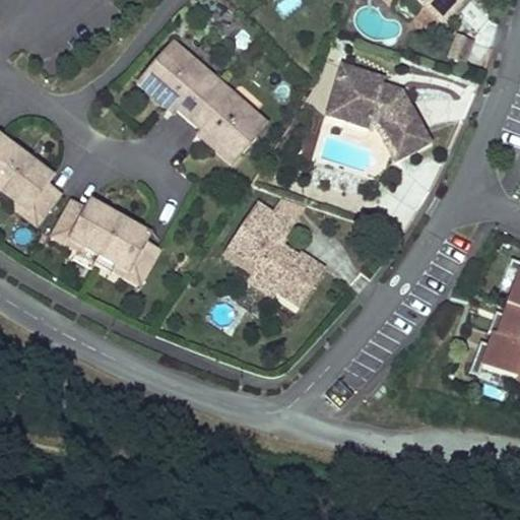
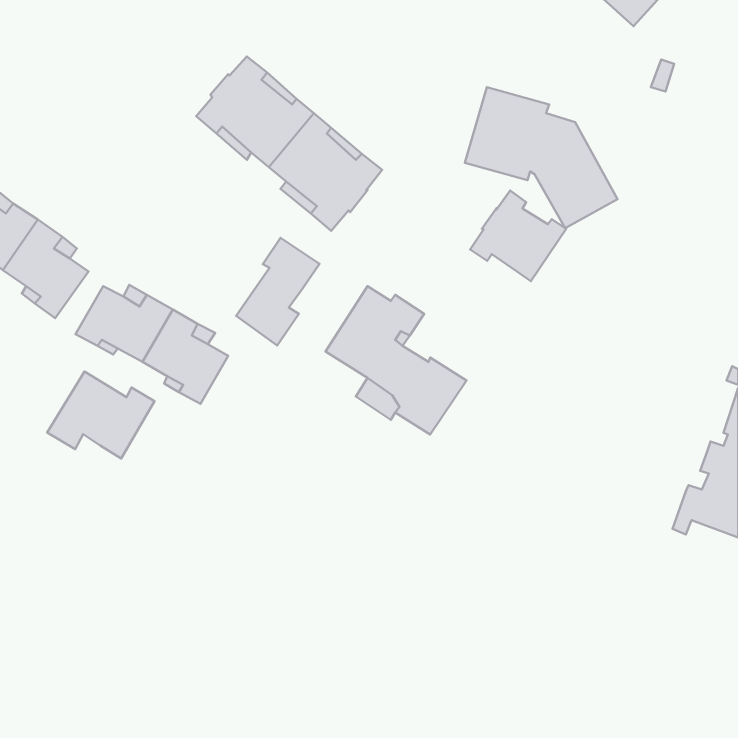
building: none -> [470,191,566,281]
building: none -> [236,238,320,346]
building: none -> [47,371,155,458]

